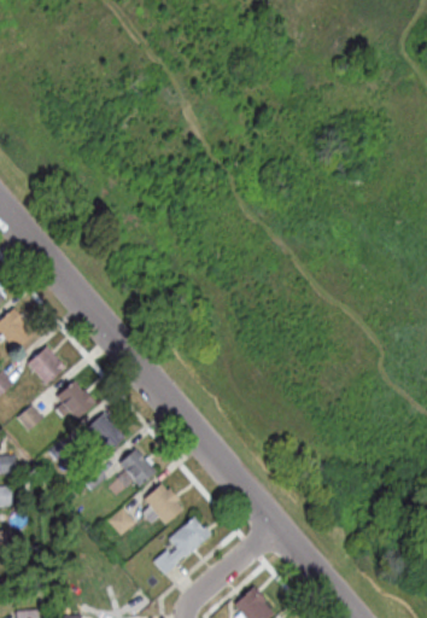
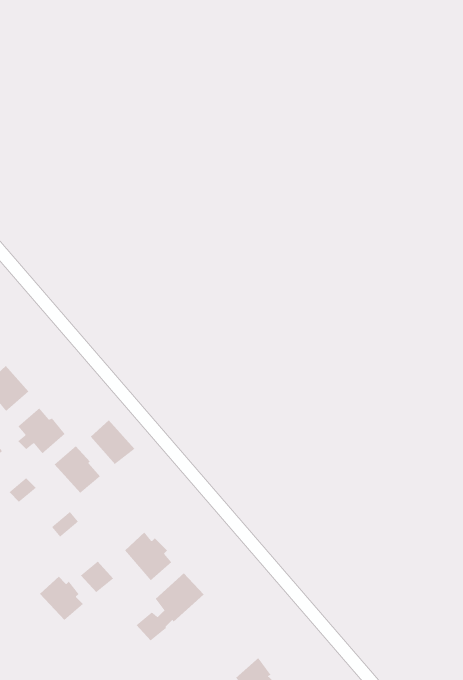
building: [119,449,157,486] -> [90,419,135,465]
building: none -> [39,576,84,621]

